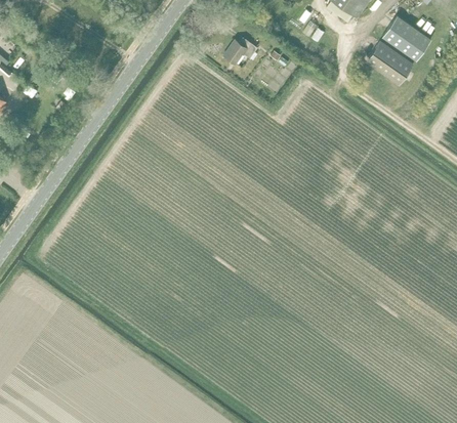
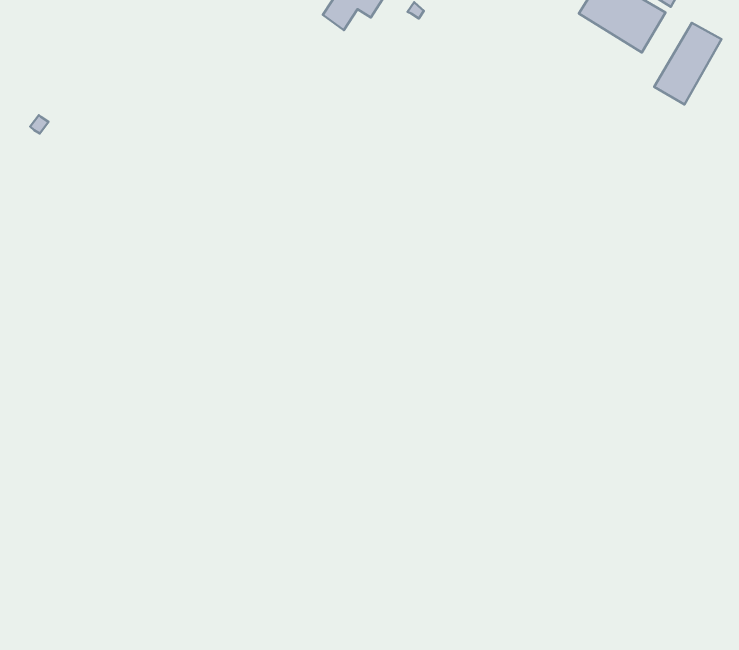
building: none -> [654,23,722,104]

